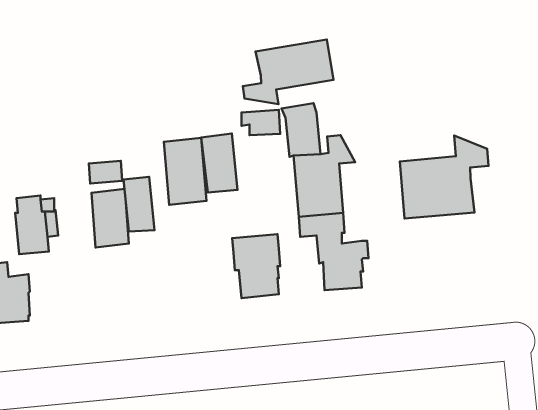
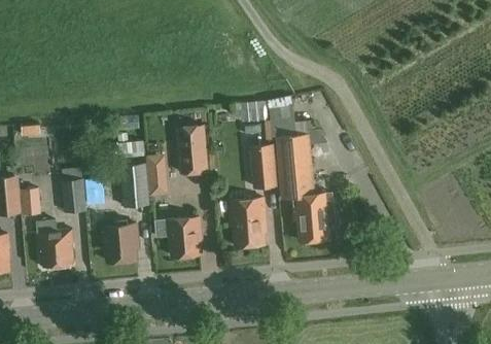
building: [243,40,333,104] -> none
building: [201,134,237,192] -> [248,144,276,190]
building: [400,136,488,218] -> none
building: none -> [153,218,201,256]
building: none -> [101,223,137,262]

